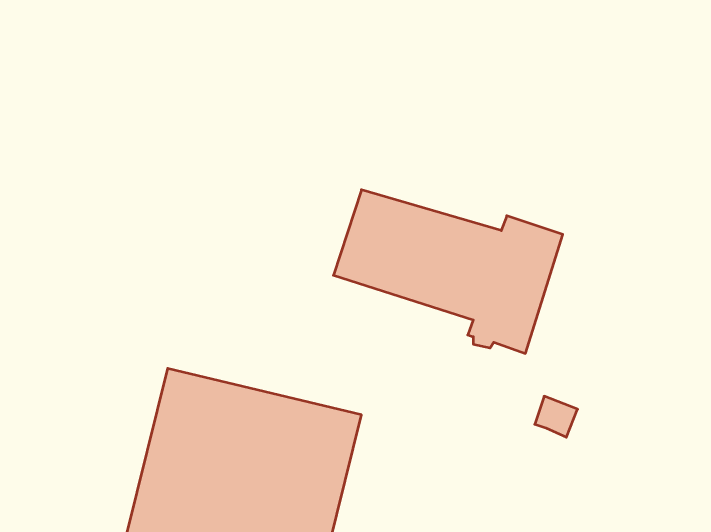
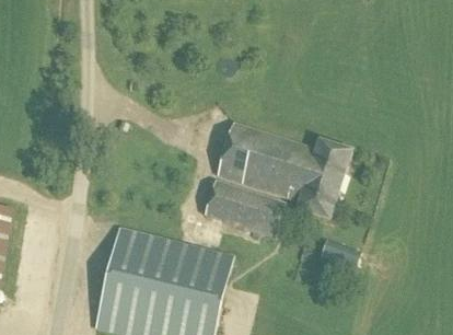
building: none -> [204,181,283,236]

